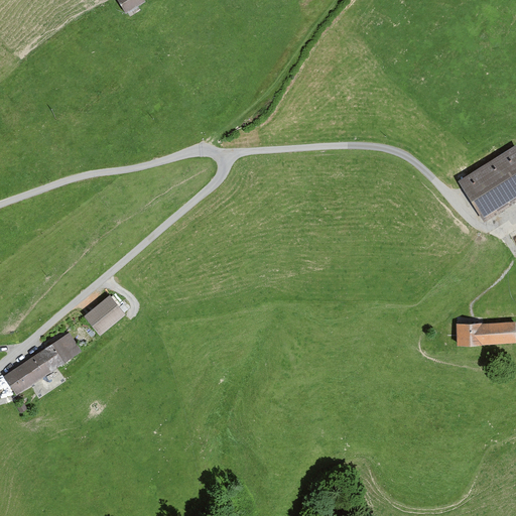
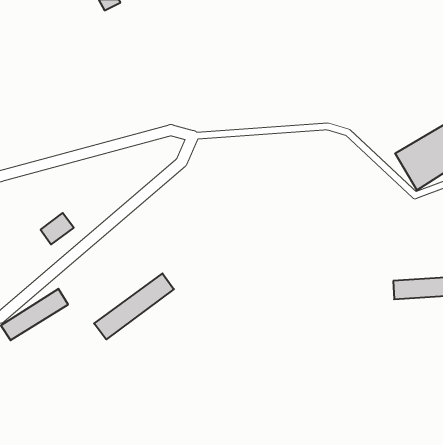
building: [85,297,123,334] -> [41,213,74,244]
building: none -> [94,273,174,339]

